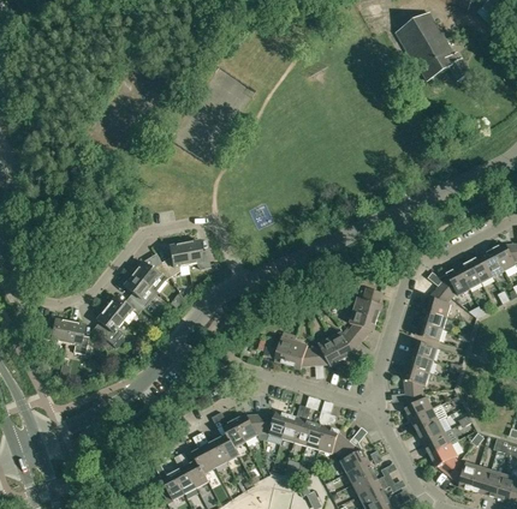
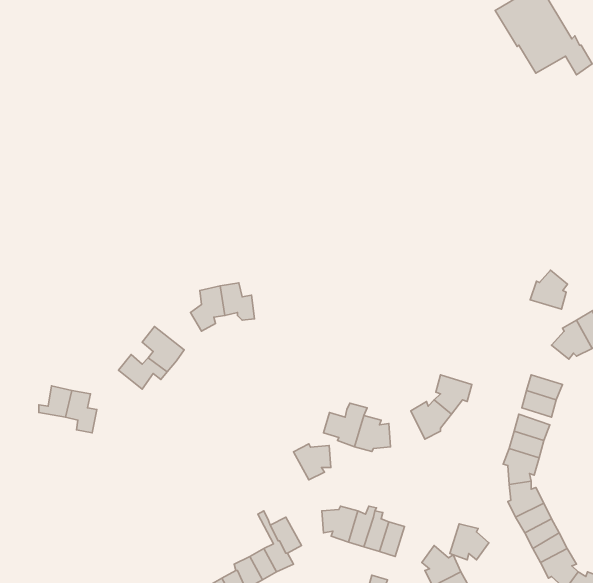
building: [133,261,170,291] -> none
building: [353,287,382,317] -> none
building: [423,287,452,317] -> [530,270,568,309]
building: [97,306,124,343] -> none
building: [314,337,341,365] -> none
building: [234,413,263,441] -> [293,444,331,480]
building: [319,426,349,454] -> [450,524,489,560]

